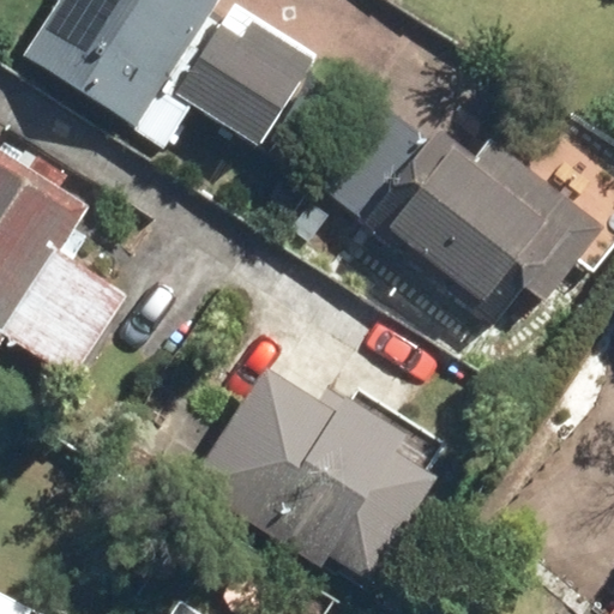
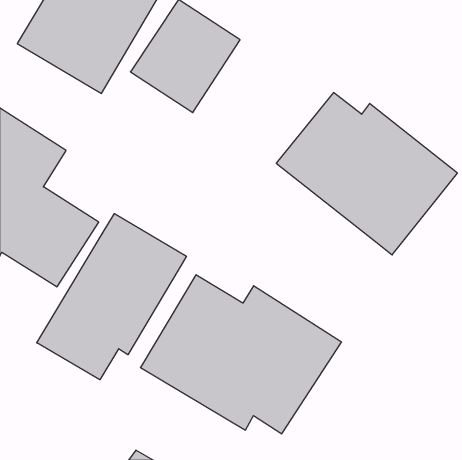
building: none -> [37,214,186,380]

